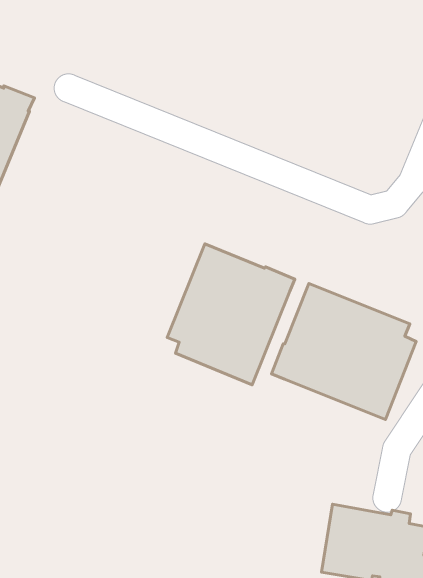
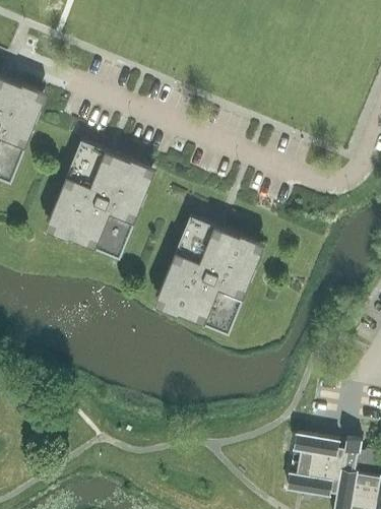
building: none -> [48,140,155,258]
building: [272,283,416,420] -> none

